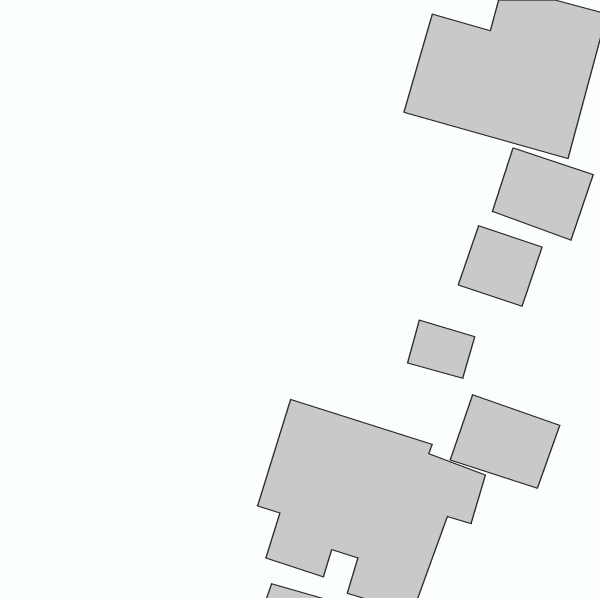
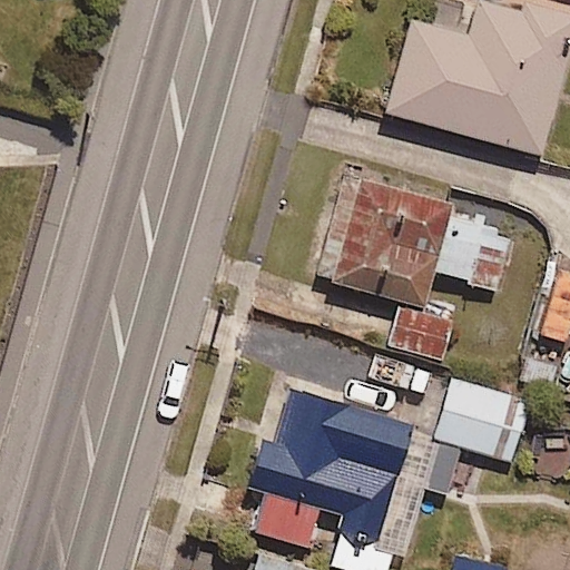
building: [492,148,593,240] -> none
building: none -> [327,176,455,305]

